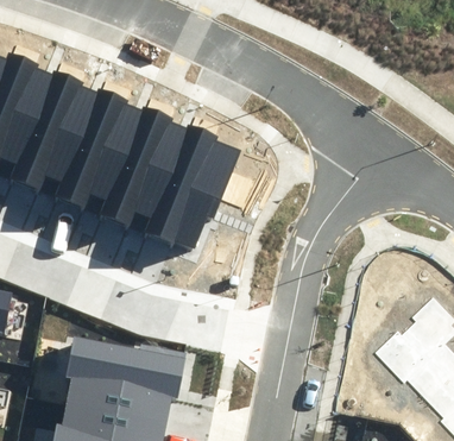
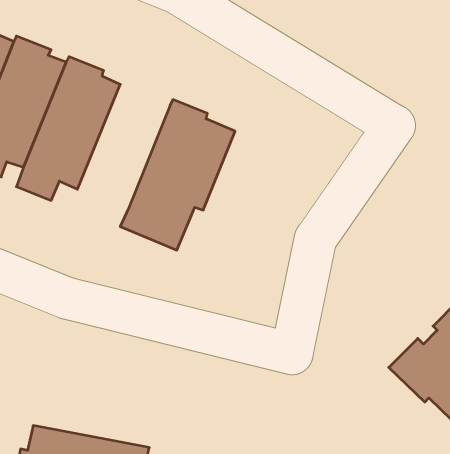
building: [99,106,184,227] -> none
building: [65,336,187,423] -> none

